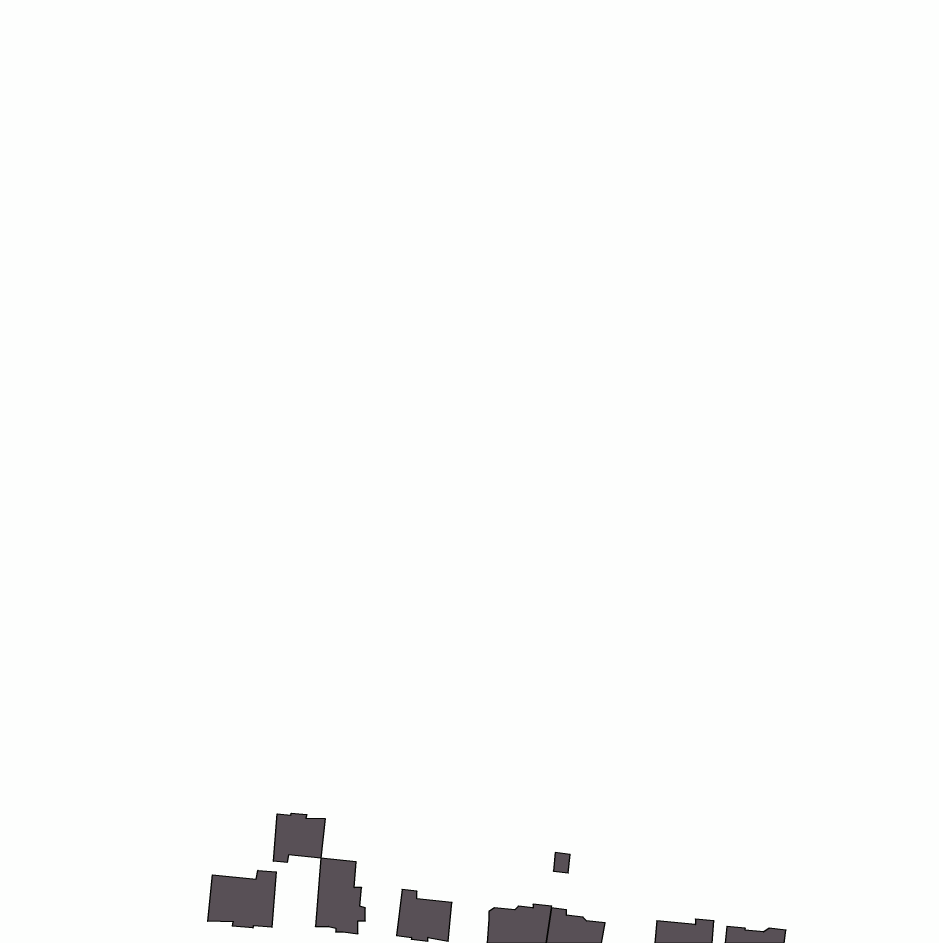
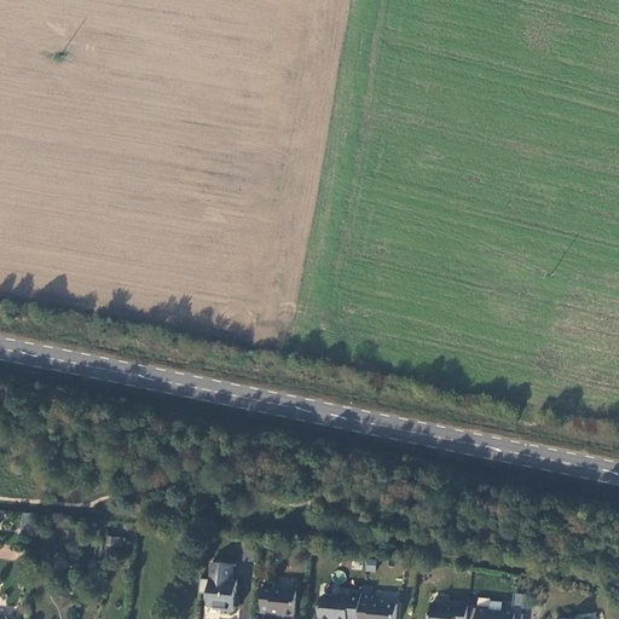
building: [273,813,325,862] -> none
building: [208,870,276,928] -> none

